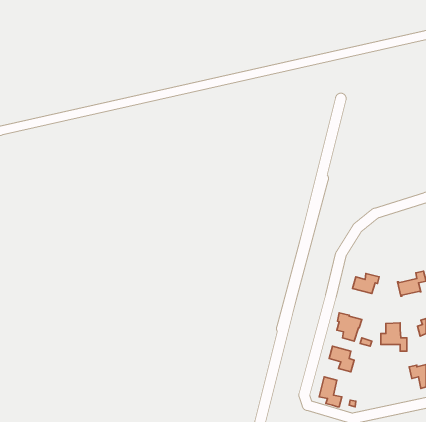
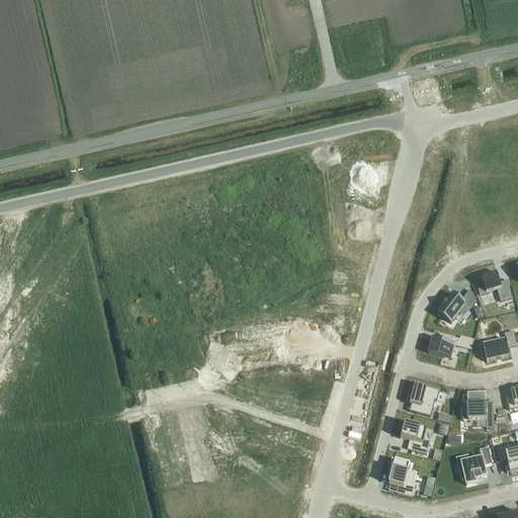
building: none -> [479,270,513,298]
building: none -> [438,287,477,321]
building: none -> [458,445,493,483]

